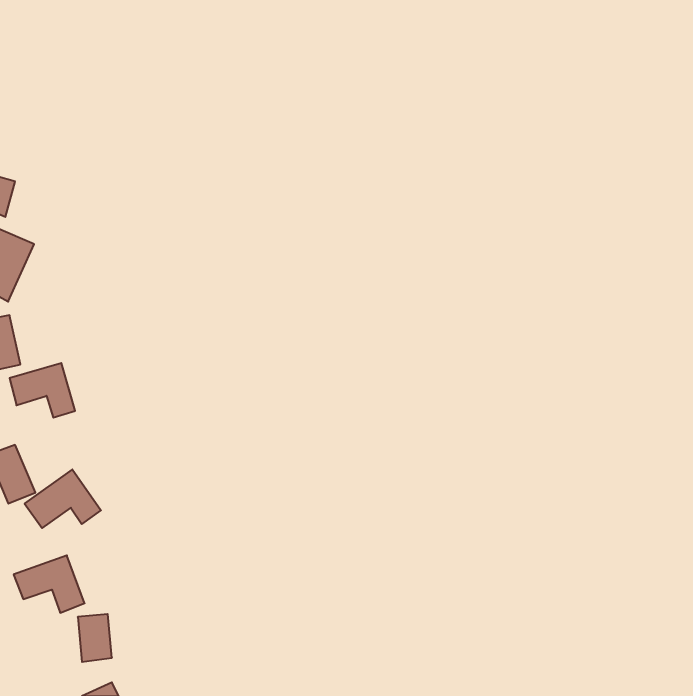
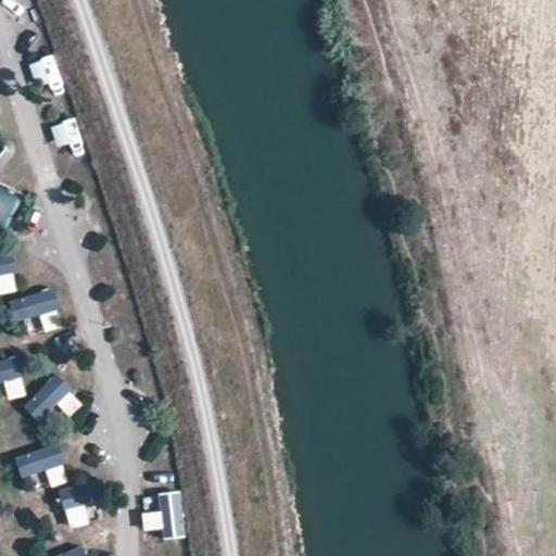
building: none -> [140,491,182,539]

